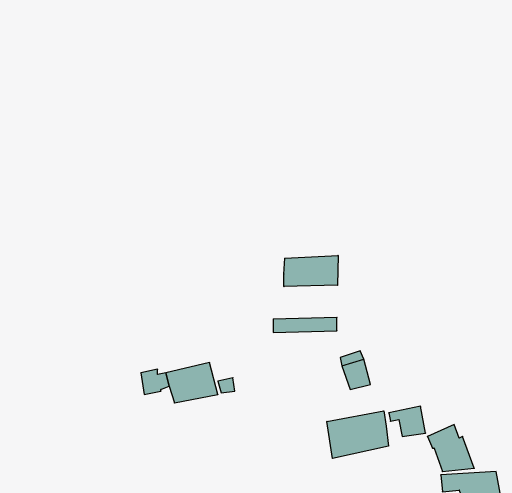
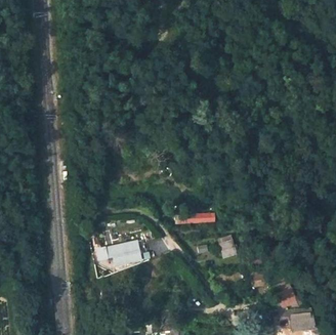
building: [284,255,338,287] -> none
building: [327,411,388,458] -> none

